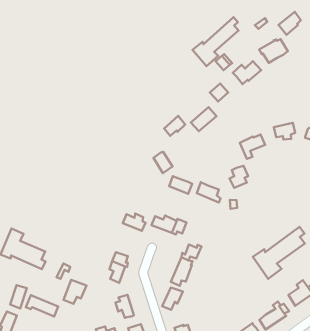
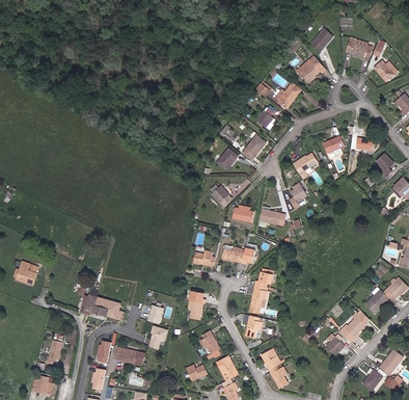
building: [193,17,238,66] -> none
building: [253,227,305,279] -> none

